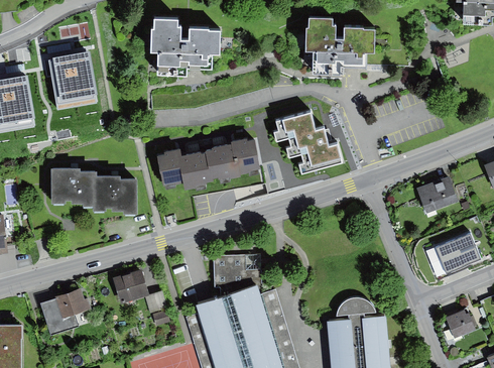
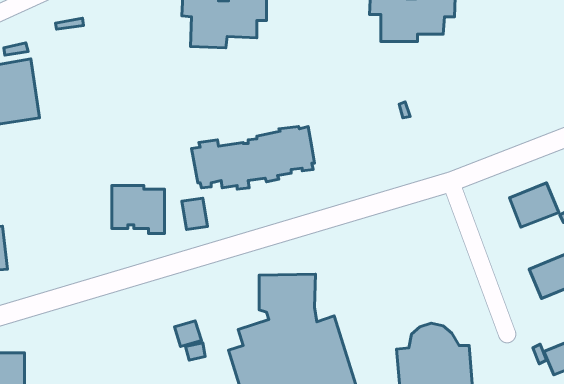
building: [48,54,97,111] -> none
building: [272,112,341,173] -> none
building: [50,174,93,212] -> none
building: none -> [182,198,208,230]
building: [112,268,149,303] -> none
building: [41,287,91,335] -> none

